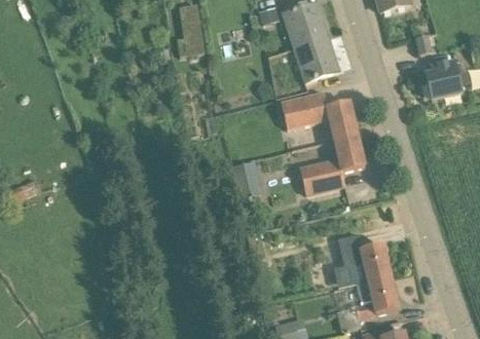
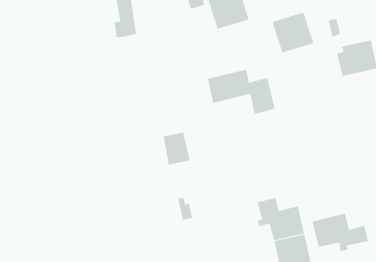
building: [292,36,339,82] -> [272,12,314,53]
building: [300,136,364,193] -> none
building: none -> [312,213,369,252]

